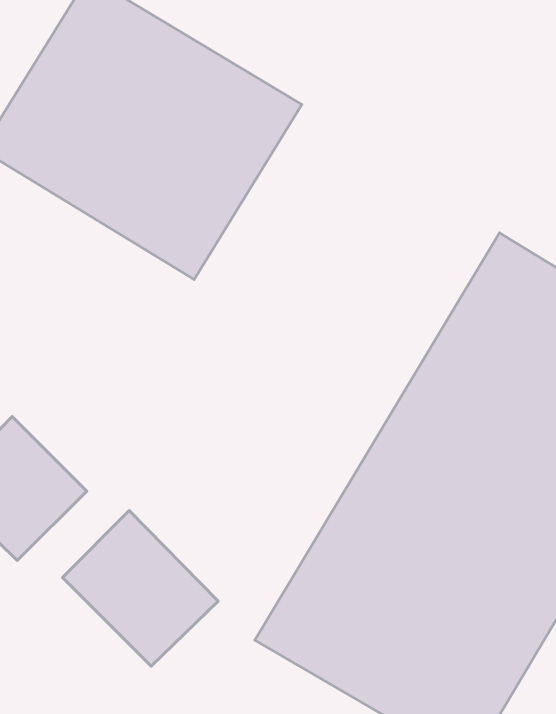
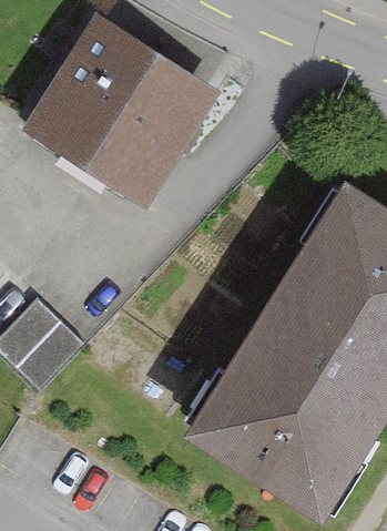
building: [63,511,218,666] -> none

